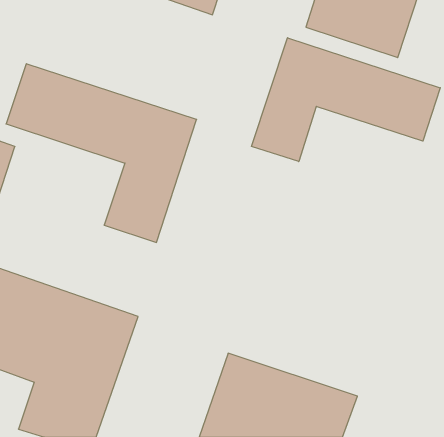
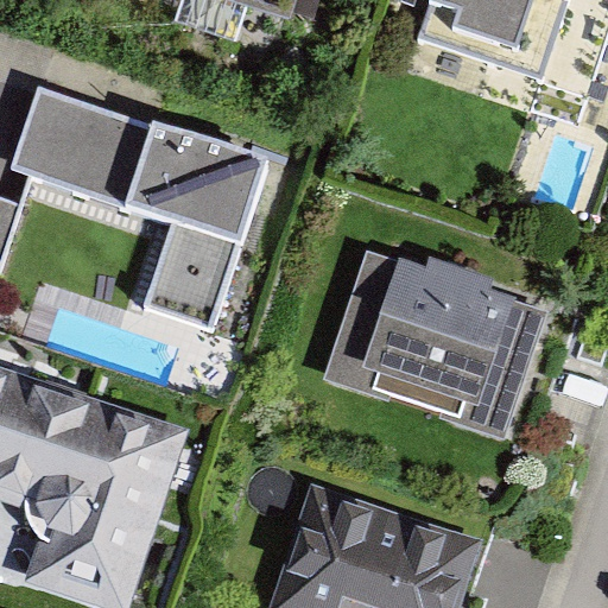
building: [252,38,440,162] -> none
building: none -> [323,248,546,437]

